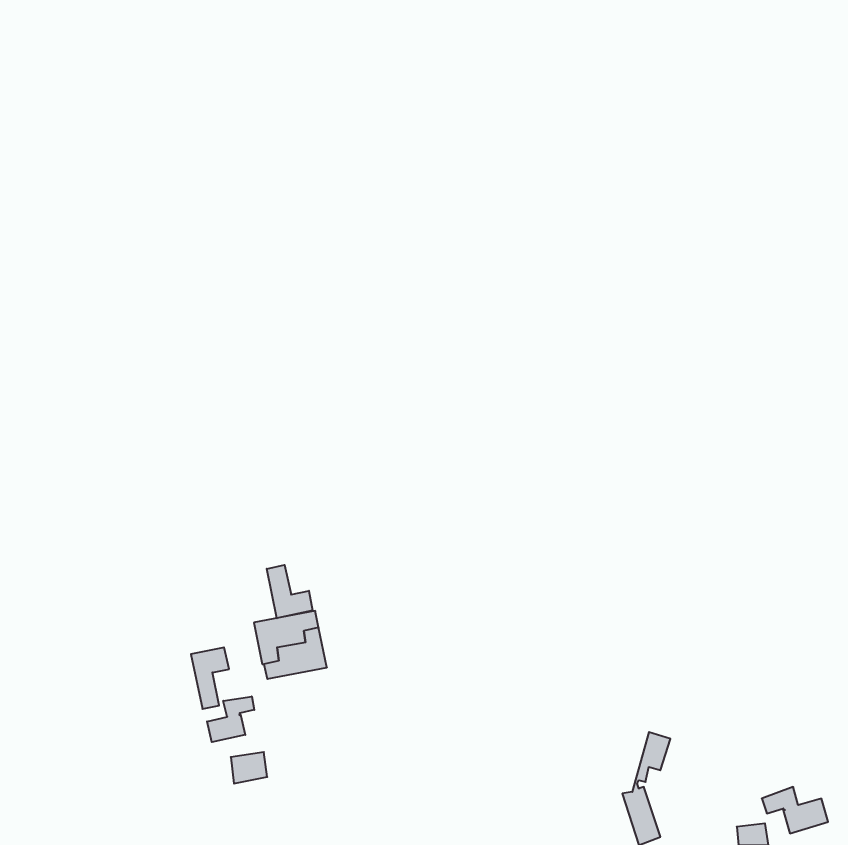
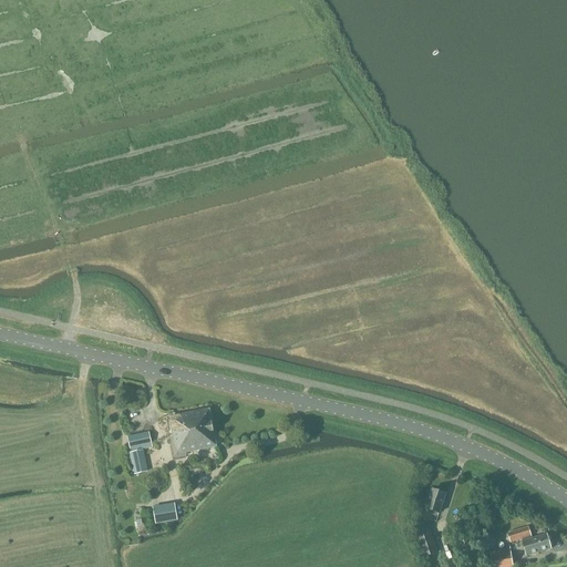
building: [267,565,313,618] -> none
building: [207,696,254,742] -> none

